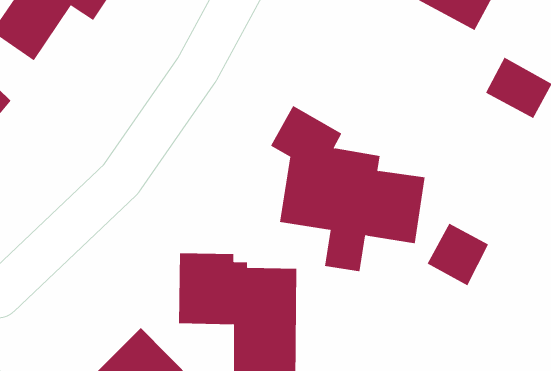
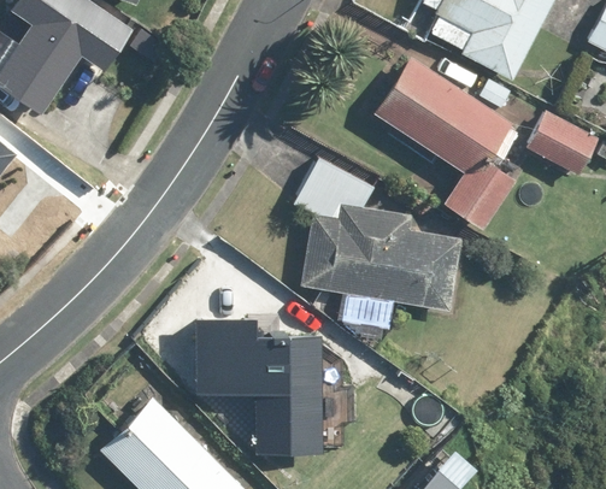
building: none -> [373,57,518,229]
building: [427,223,489,286] -> none

